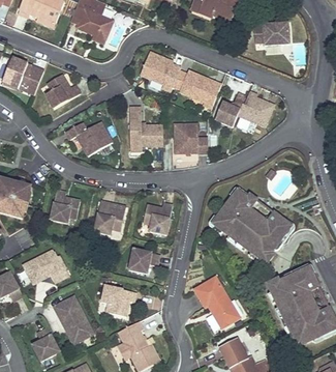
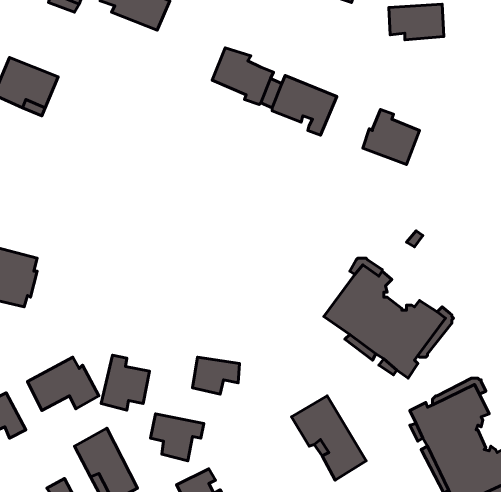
building: [44,73,81,109] -> none
building: [214,91,245,125] -> none
building: [129,105,164,150] -> none
building: [66,119,113,153] -> none
building: [175,123,208,153] -> none
building: [51,189,81,222] -> none
building: [94,199,125,234] -> [101,355,150,410]
building: [144,202,173,233] -> none

